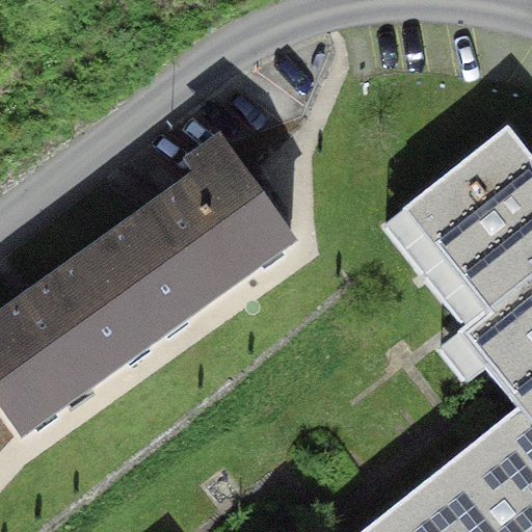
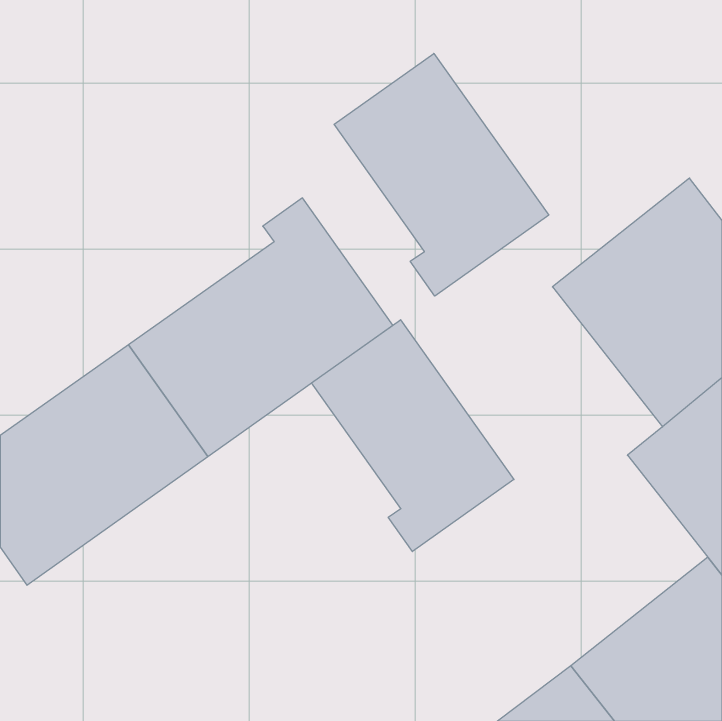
building: none -> [334,53,549,296]
building: none -> [312,320,514,552]

